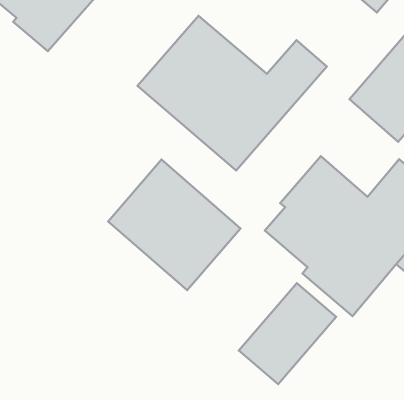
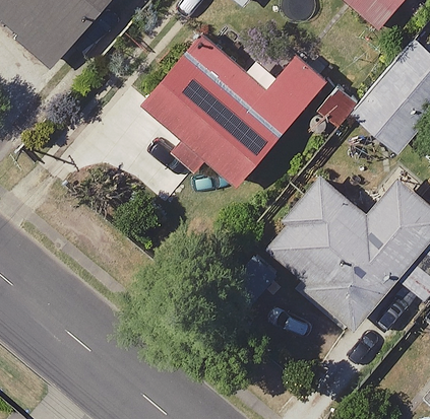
building: [108,160,240,290] -> none
building: [239,283,336,384] -> none

